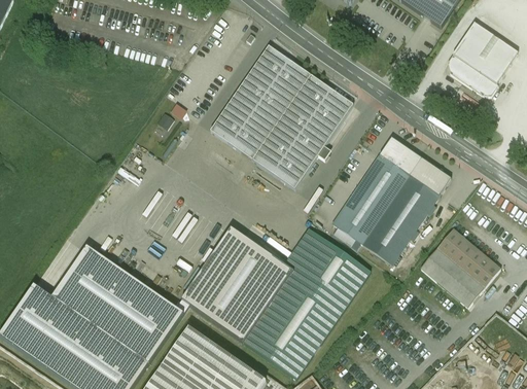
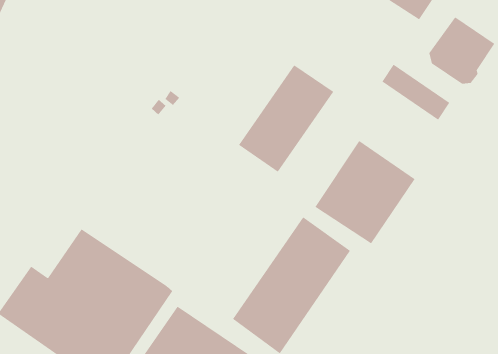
building: [208,44,309,158] -> none
building: [377,135,449,194] -> [382,64,450,121]
building: [422,225,506,307] -> none
building: [176,226,318,341] -> none

